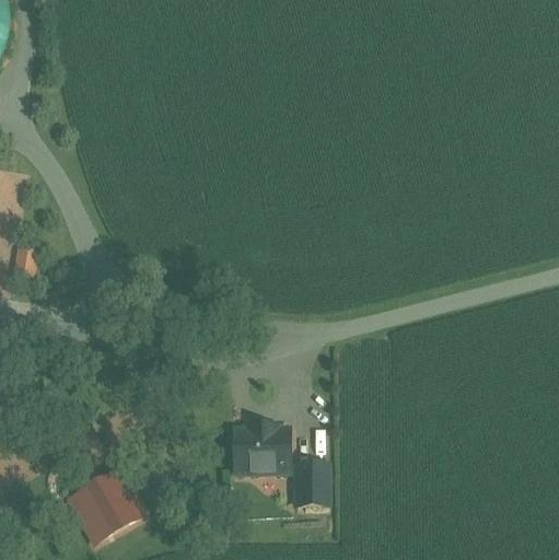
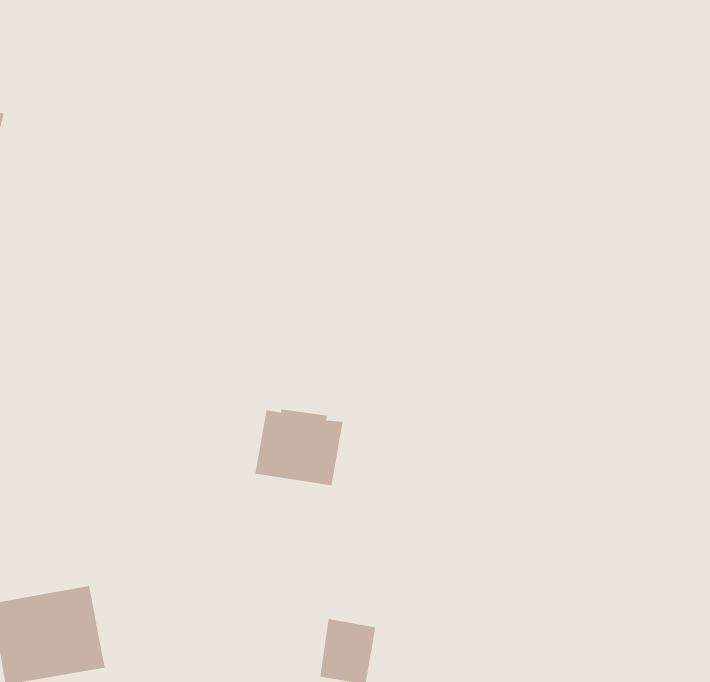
building: [233,424,286,471] -> [255,409,343,486]

